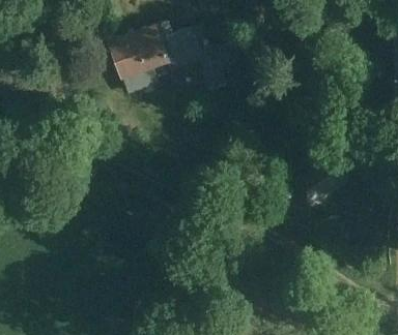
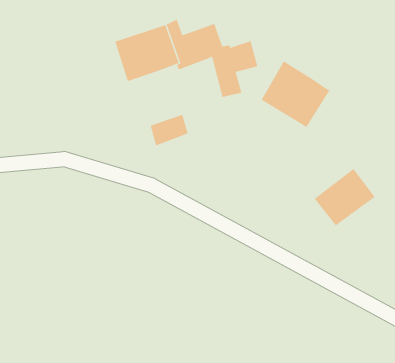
building: none -> [261,61,330,128]
building: [123,65,159,94] -> [150,114,189,146]

